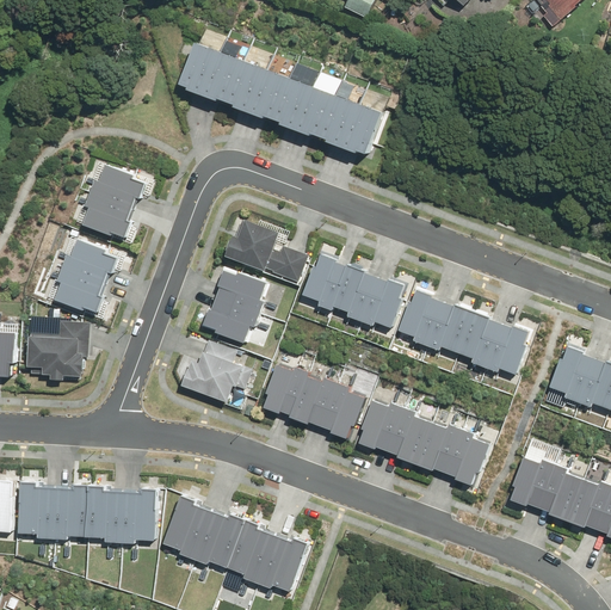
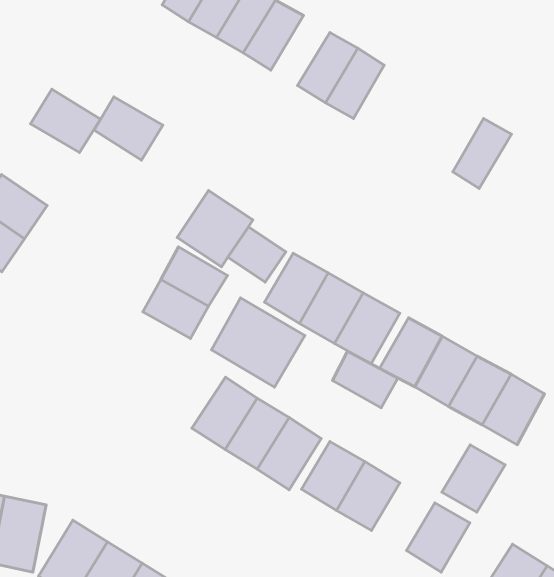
building: [273,74,314,129] -> none
building: [344,101,384,156] -> [453,118,512,189]
building: [84,195,136,240] -> [94,97,163,160]
building: none -> [332,351,398,408]
building: [178,350,248,414] -> [211,298,305,387]
building: [413,423,458,474] -> [442,445,505,512]

